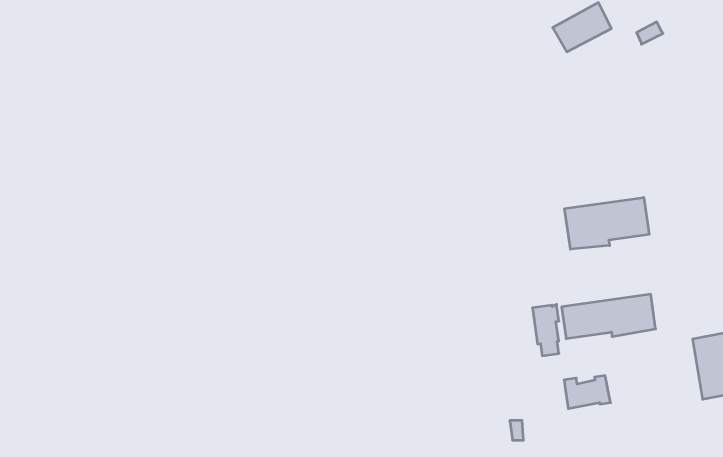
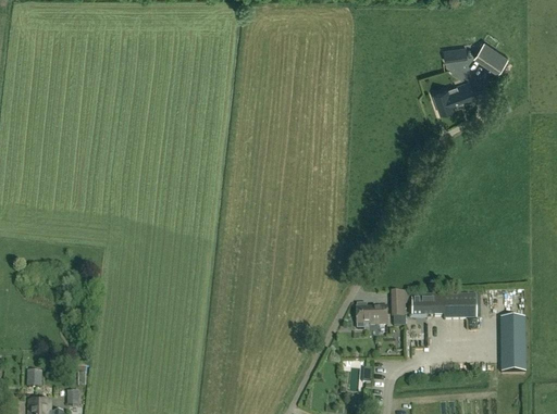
building: [565,197,649,249] -> none
building: [564,376,611,409] -> [357,302,387,323]

